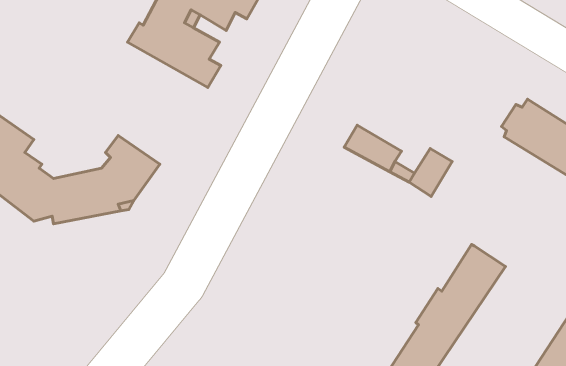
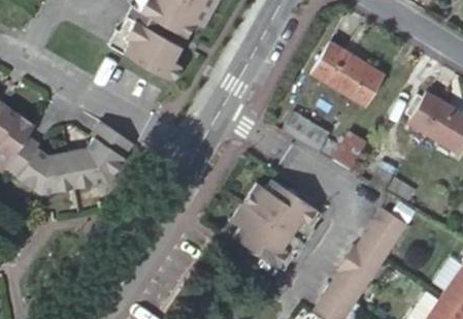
building: none -> [310,42,381,105]
building: none -> [231,178,323,270]

